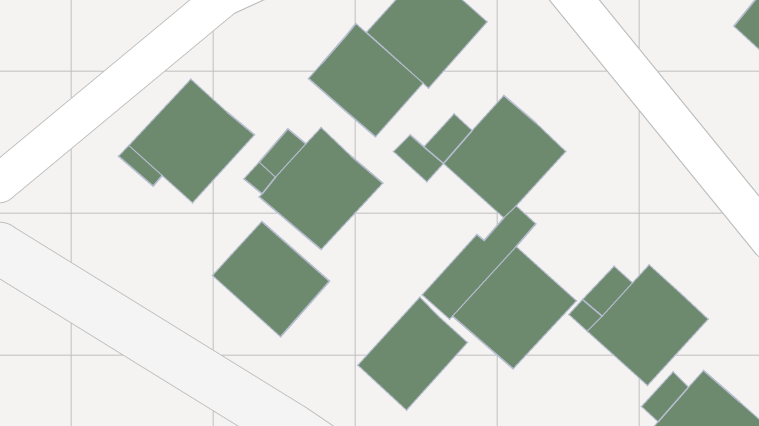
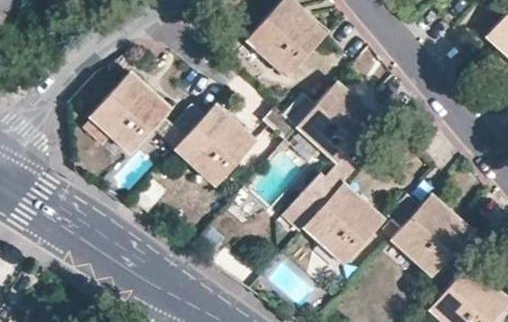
building: [309,23,423,137] -> none
building: [212,221,330,337] -> none
building: [358,297,467,410] -> none

